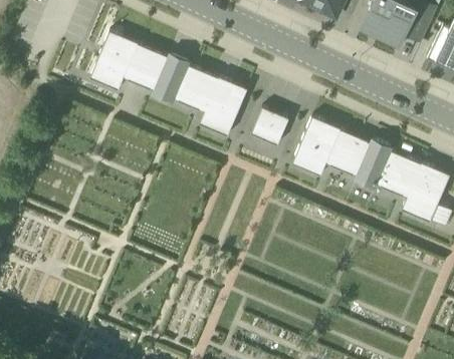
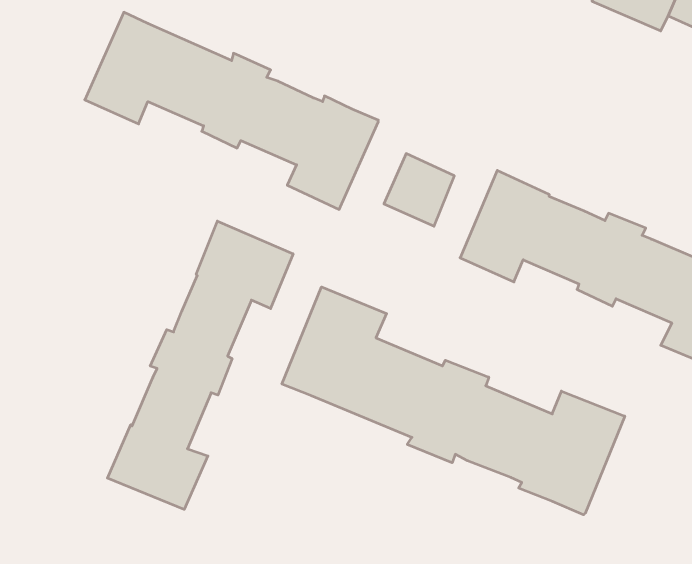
building: none -> [107,221,293,509]
building: none -> [282,287,625,515]

